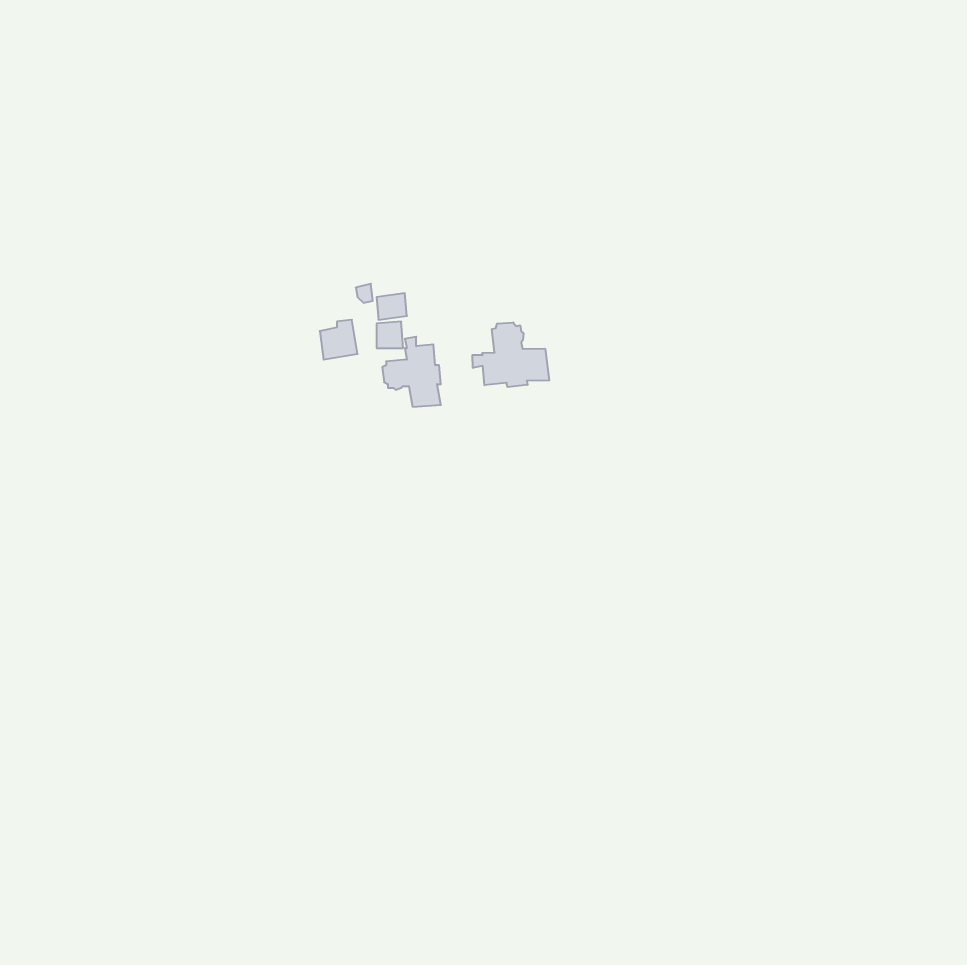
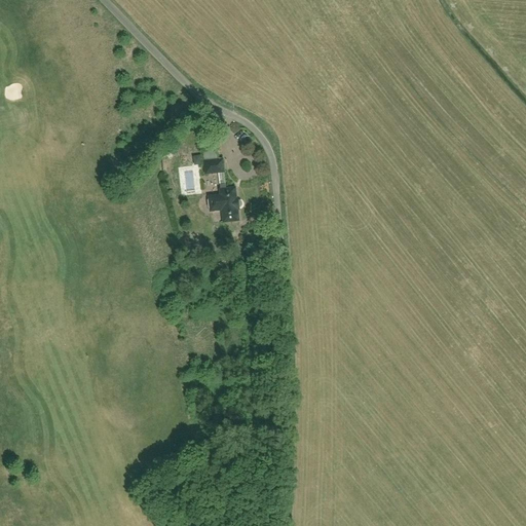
building: [472,322,549,387] -> none

